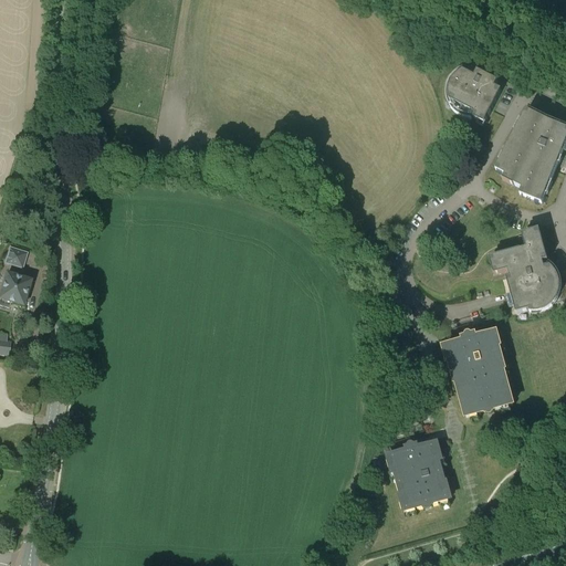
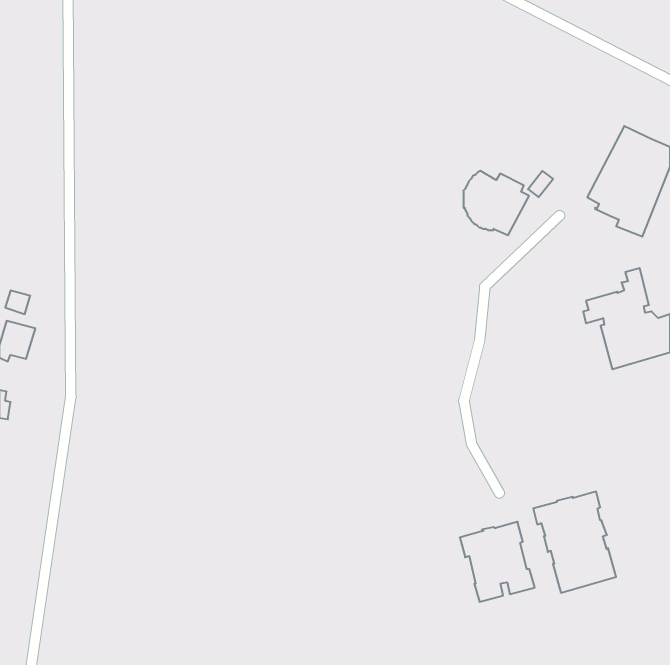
building: [446,65,501,119] -> [463,171,529,235]
building: [442,328,512,413] -> [533,492,616,593]

